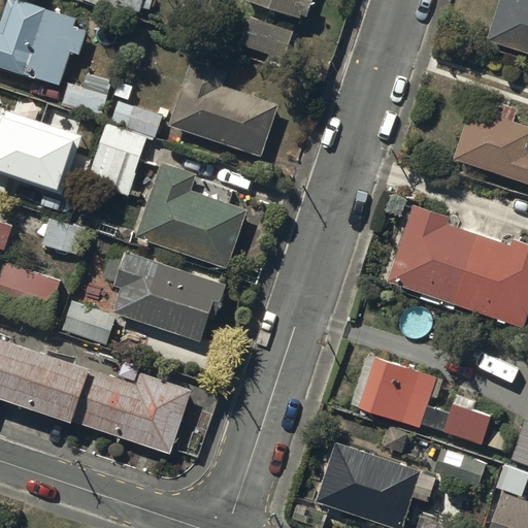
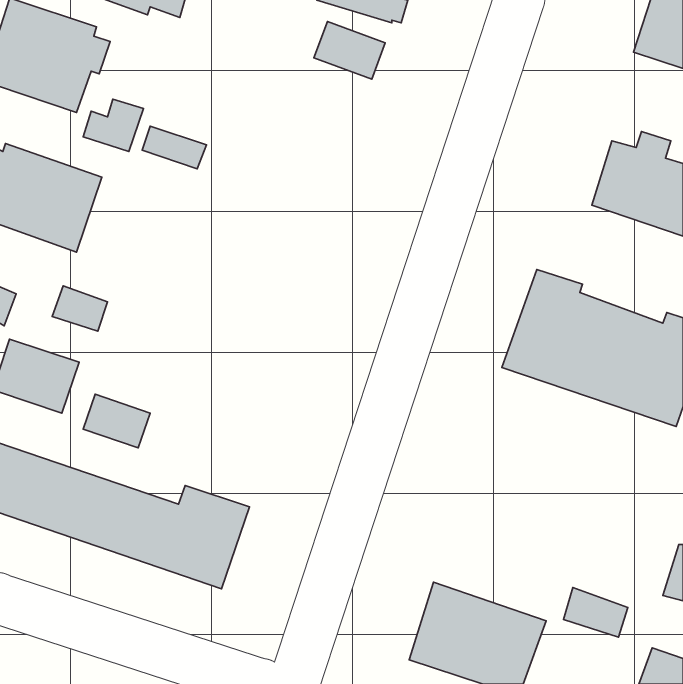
building: [175,62,277,152] -> none
building: [88,121,145,190] -> none
building: [138,165,246,267] -> none
building: [106,252,226,337] -> none
building: [350,352,487,440] -> none

